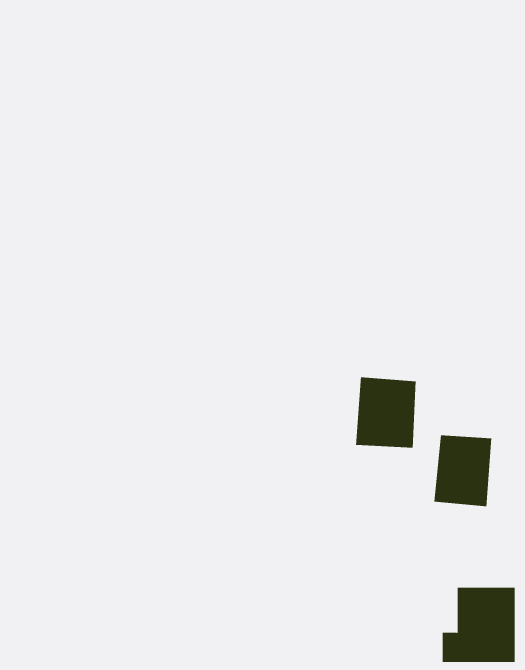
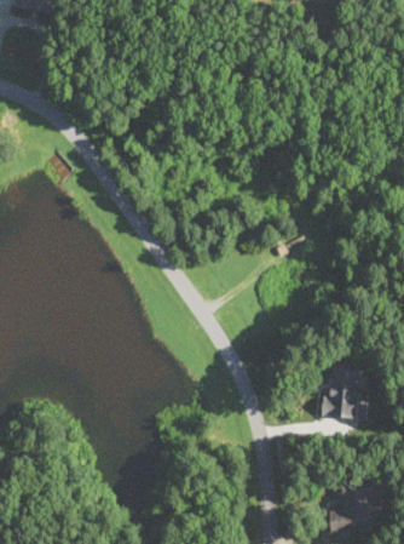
building: [355,376,416,449] -> none

